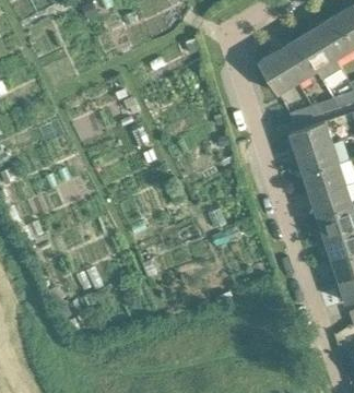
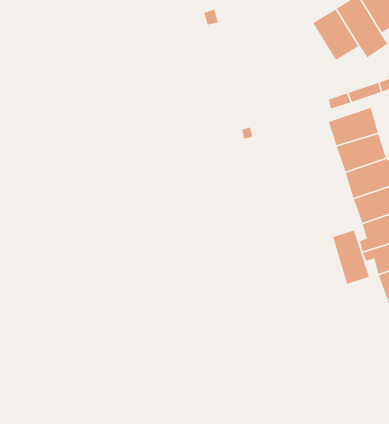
building: [259,51,297,95] -> none
building: none -> [332,230,370,285]

